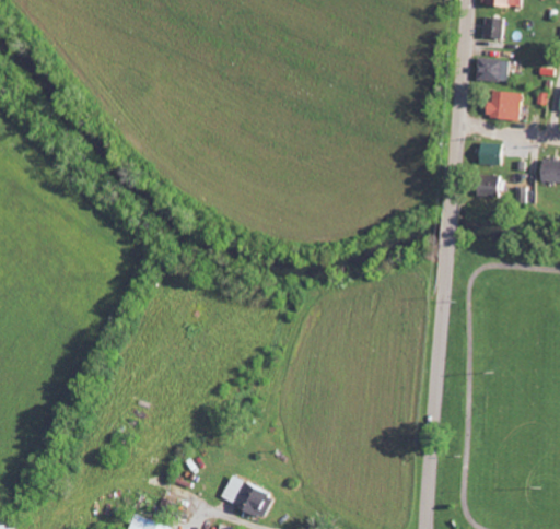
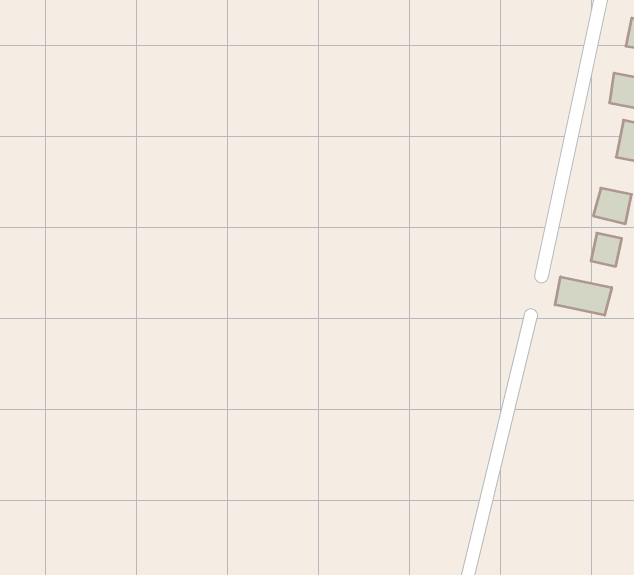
building: none -> [555,277,612,315]

